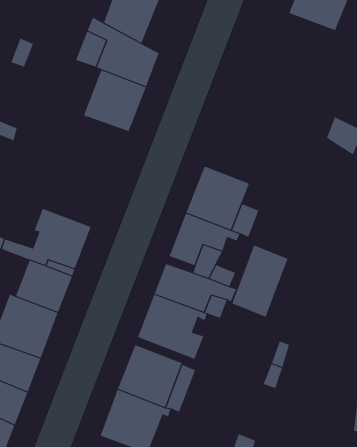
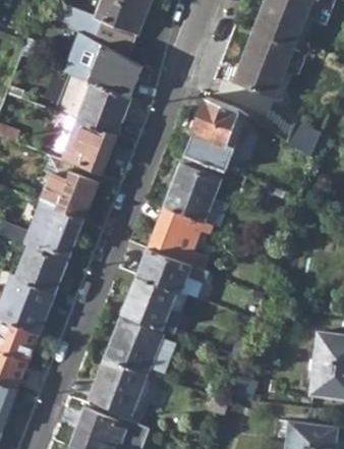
building: none -> [235,32,294,100]
building: none -> [185,97,256,168]
building: none -> [63,117,115,169]
building: none -> [40,171,97,217]
building: [231,245,288,318] -> none

